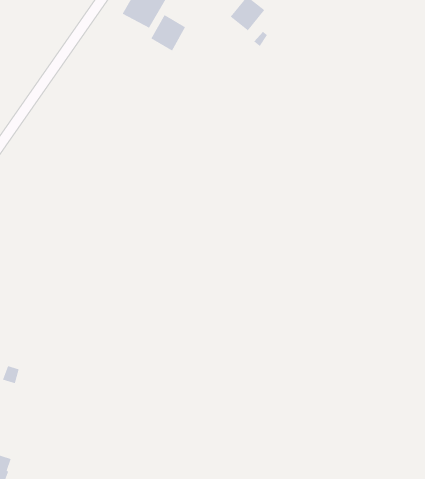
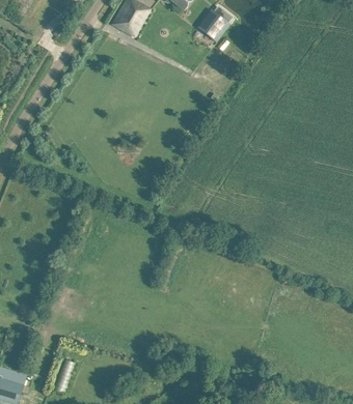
building: [151,14,186,51] -> none

